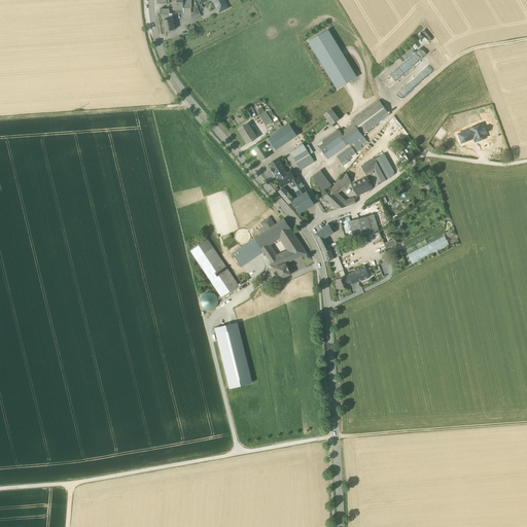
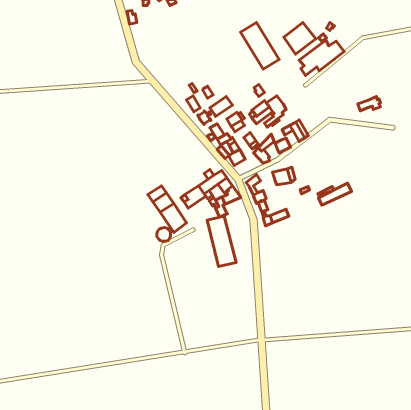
building: none -> [284,22,316,54]
building: [352,100,389,133] -> none
building: [215,322,252,387] -> [207,216,236,267]

